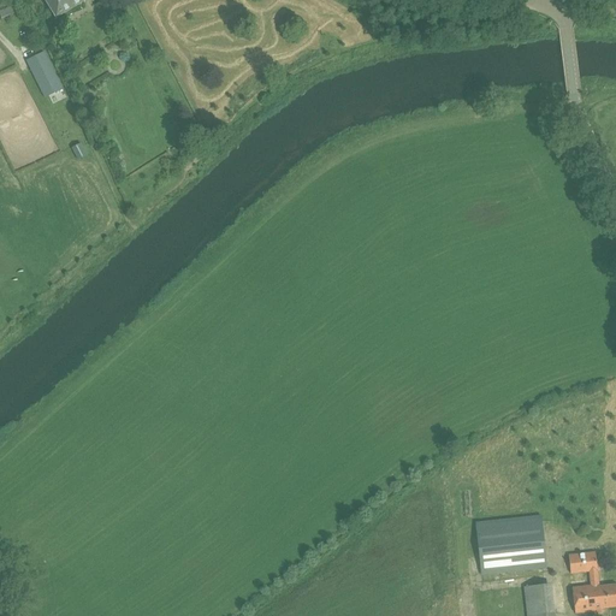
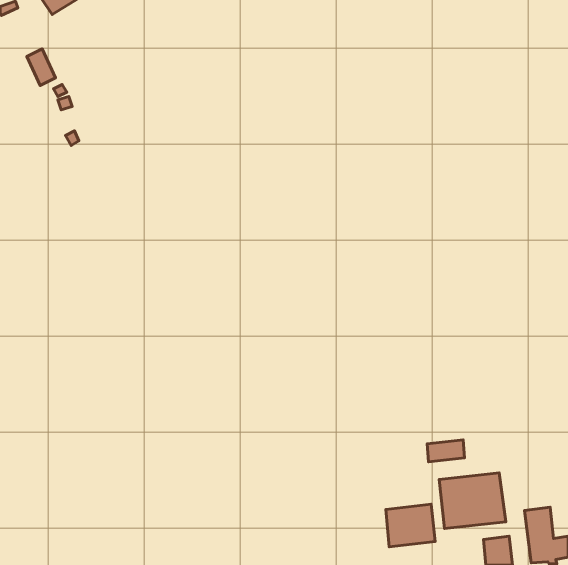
building: none -> [427,440,464,462]
building: none -> [386,504,435,547]

